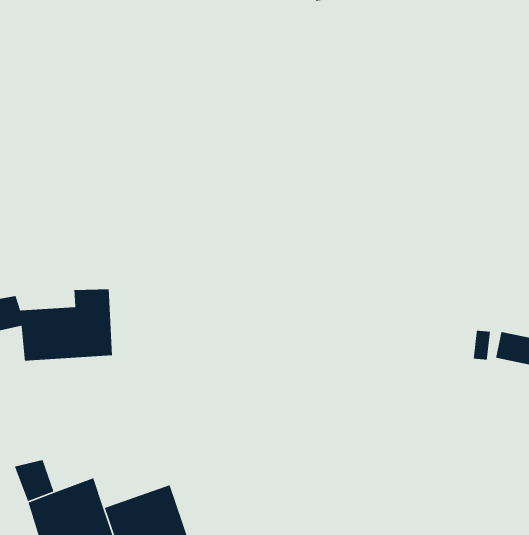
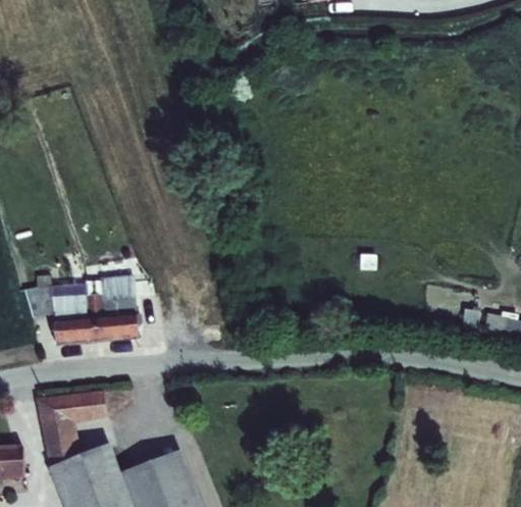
building: none -> [36,392,106,435]

